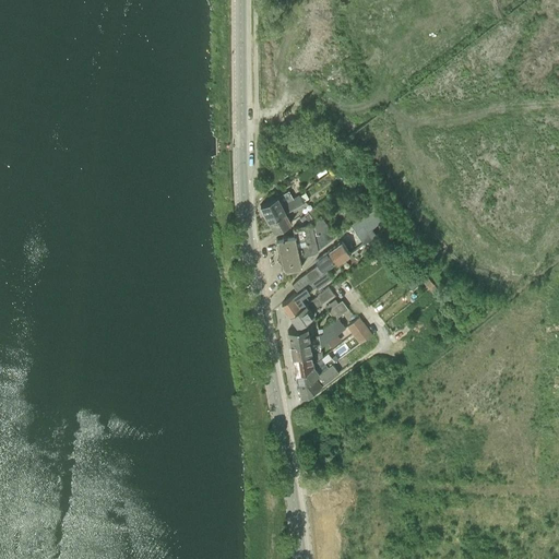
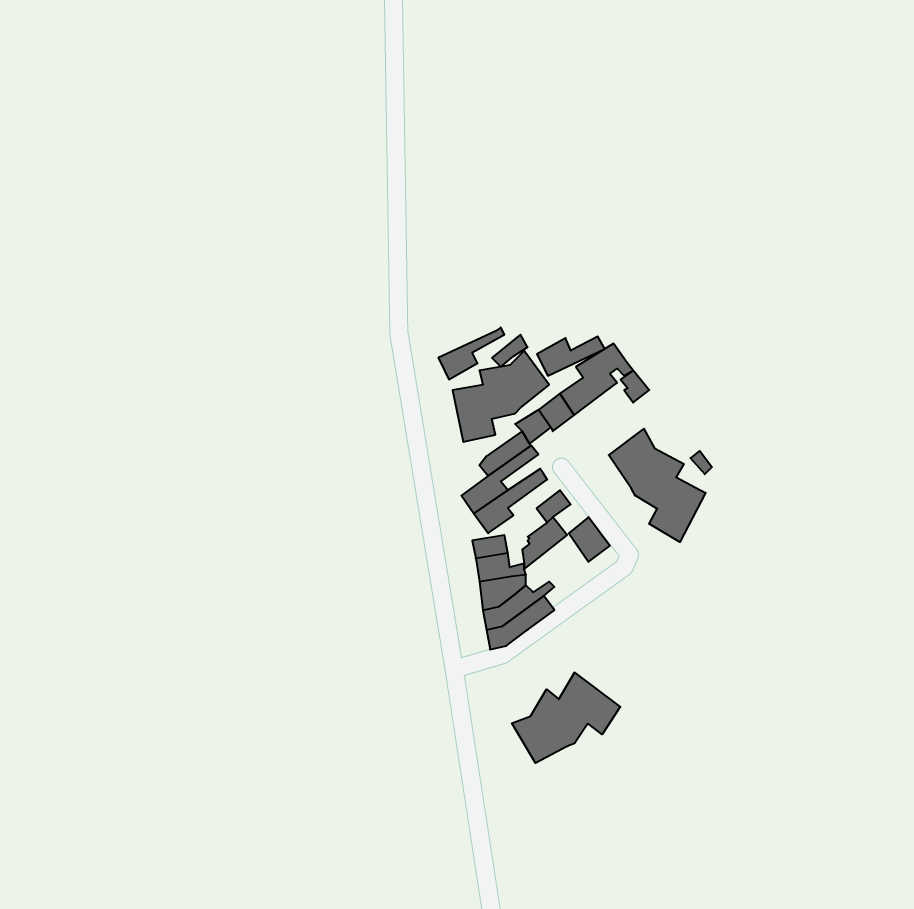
building: [261,198,302,222] -> [537,336,605,376]
building: none -> [609,429,706,542]
building: none -> [512,672,620,763]

